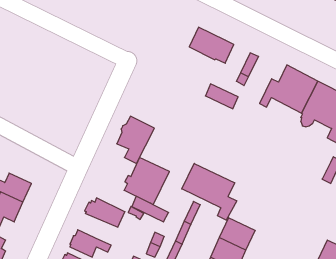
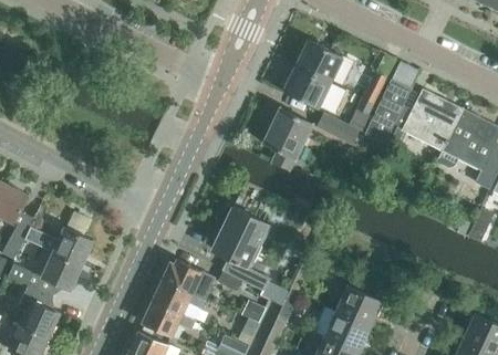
building: none -> [283,65,345,114]
building: none -> [365,80,411,144]
building: [117,116,154,163] -> [263,108,312,169]
building: [182,163,237,220] -> none
building: none -> [153,280,206,314]

